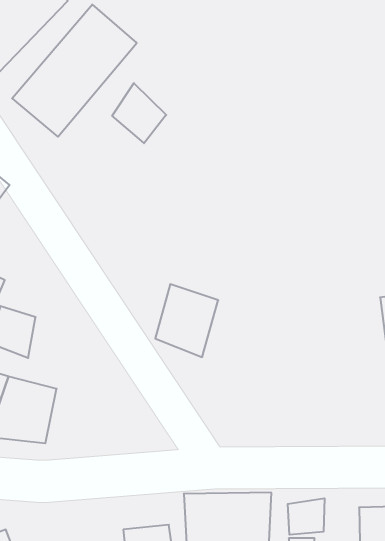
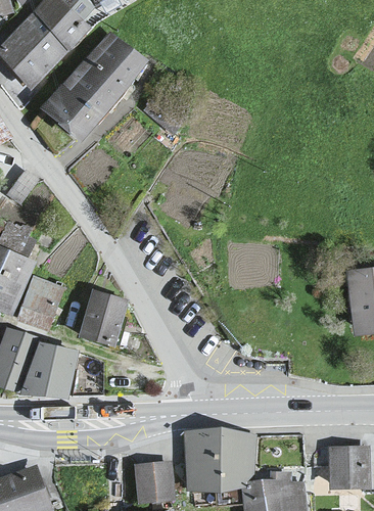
building: [112,83,166,143] -> none
building: [155,284,218,357] -> [77,293,129,354]
building: [288,498,325,535] -> none

